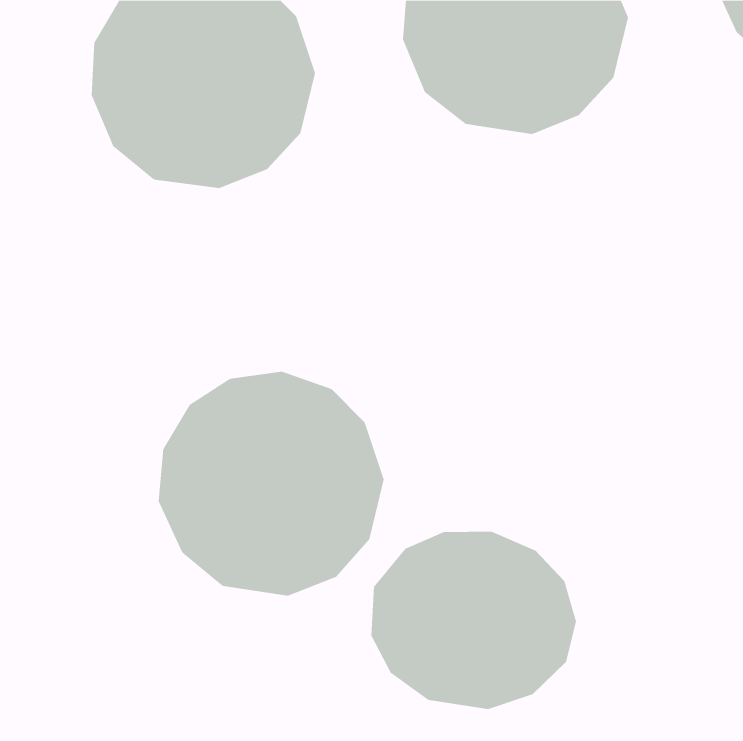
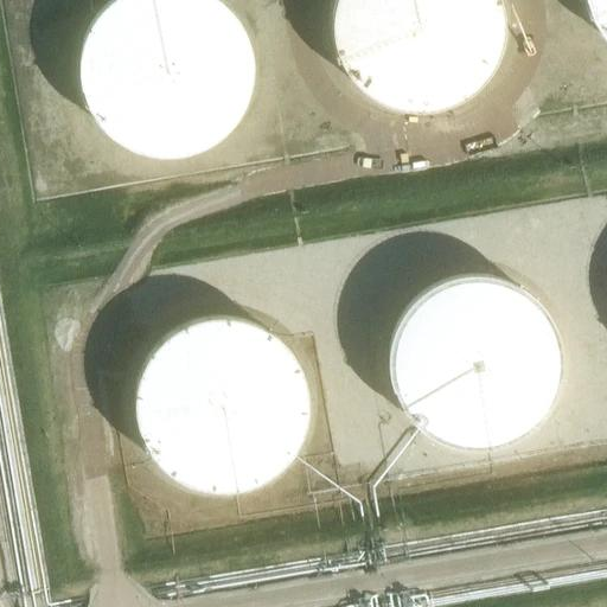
building: none -> [390,264,573,447]
building: [371,531,577,710] -> none

